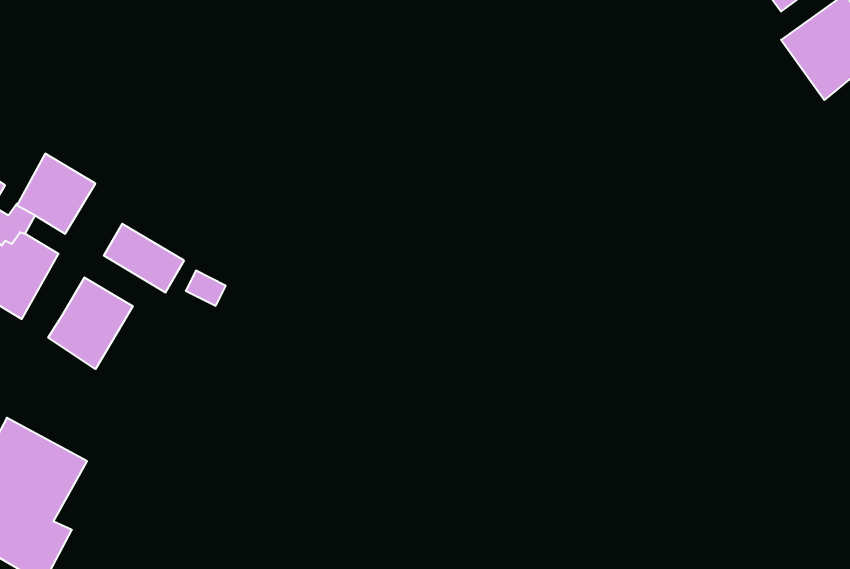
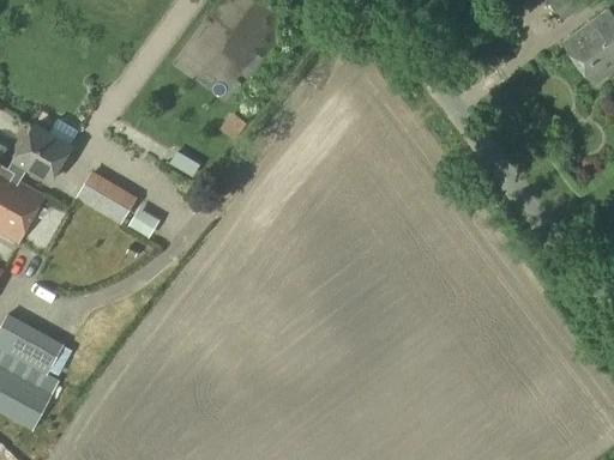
building: [48,277,133,369] -> none

